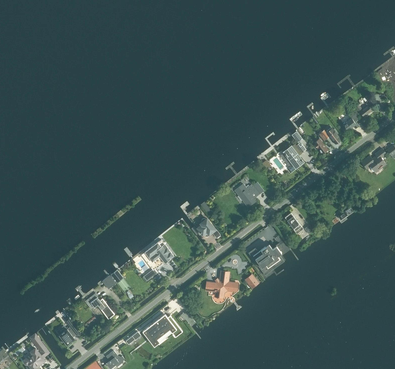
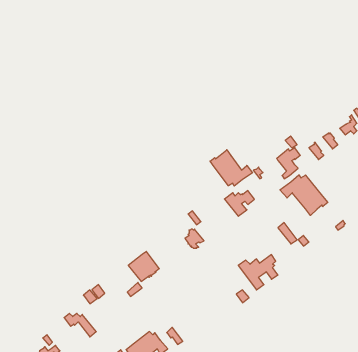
building: none -> [210,150,253,186]
building: none -> [280,175,328,215]
building: [206,271,236,296] -> none

